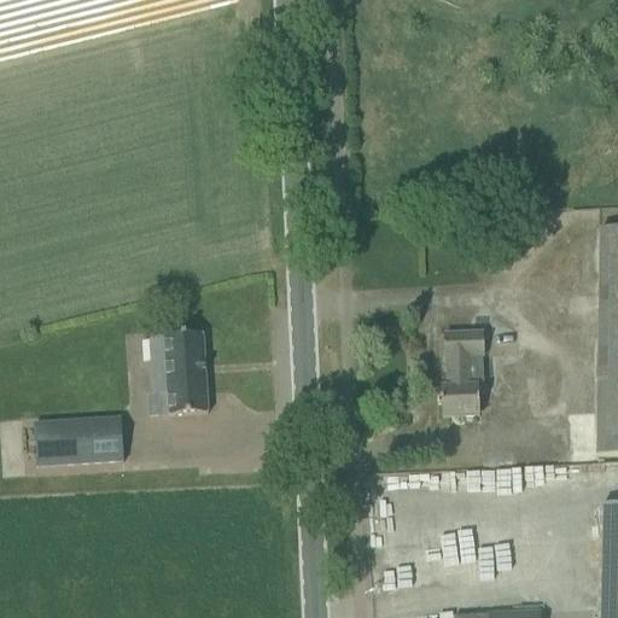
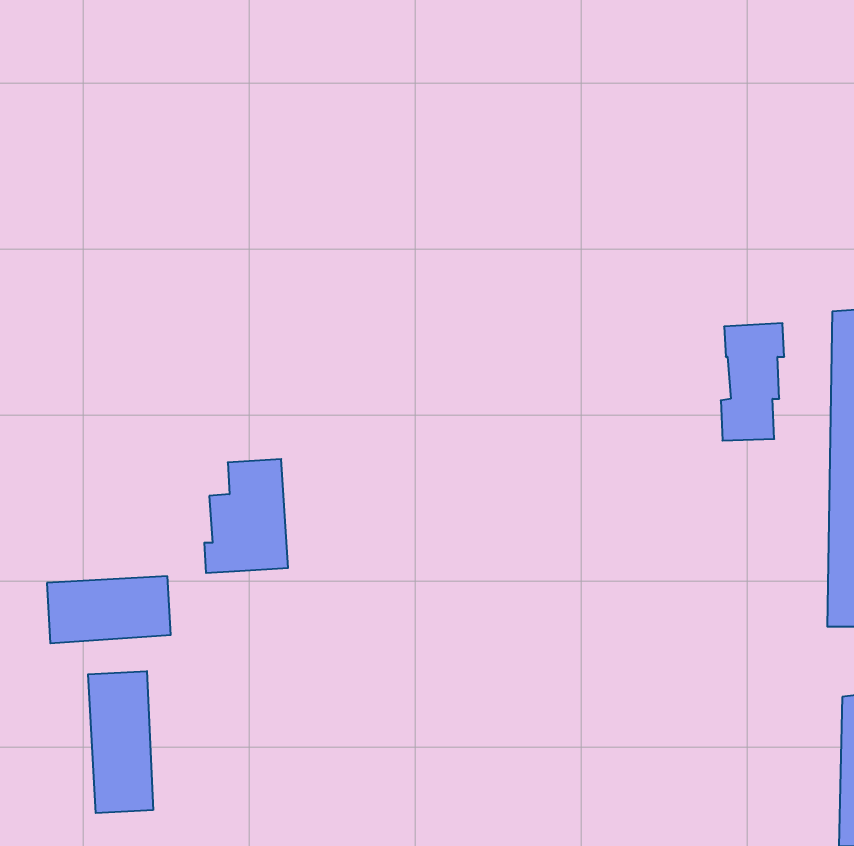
building: [442,328,488,413] -> [721,323,784,441]
building: none -> [88,671,153,813]

